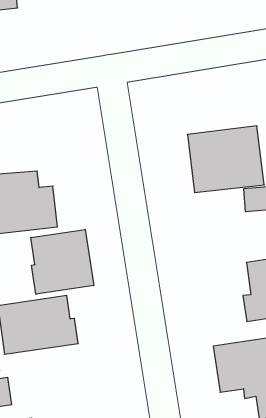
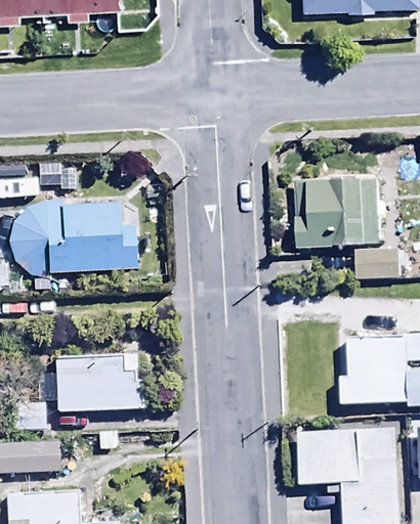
building: [31,229,94,294] -> none

